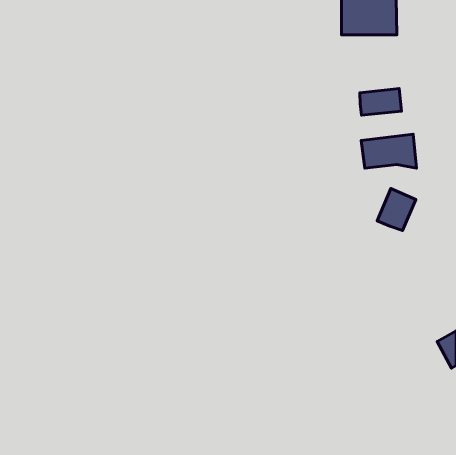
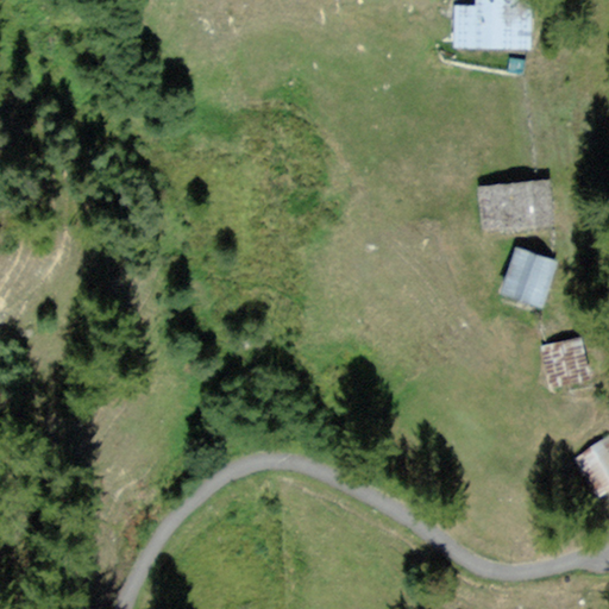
building: [360,89,402,115] -> none
building: none -> [545,339,586,384]

